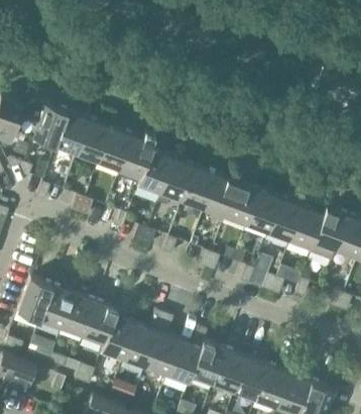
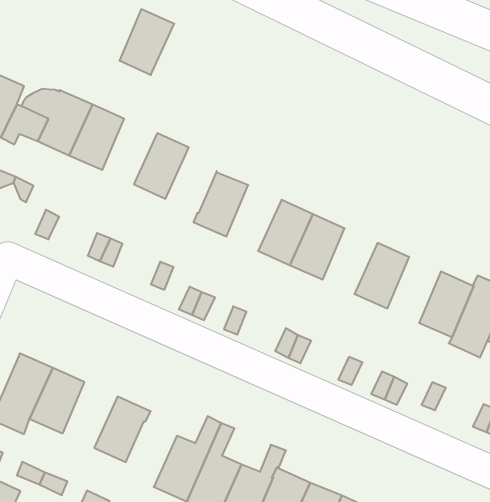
building: [77,120,111,163] -> [119,9,174,75]
building: [119,136,154,179] -> none
building: [160,159,195,201] -> none
building: [225,183,259,225] -> none
building: [268,199,302,241] -> none
building: [62,294,96,336] -> none
building: [101,299,136,359] -> none

